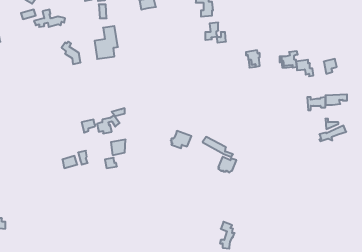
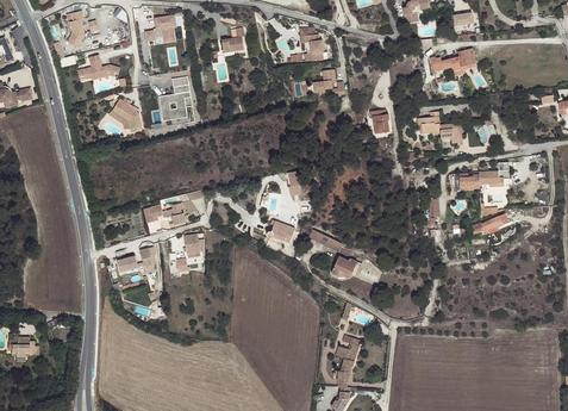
building: none -> [429,49,475,75]

